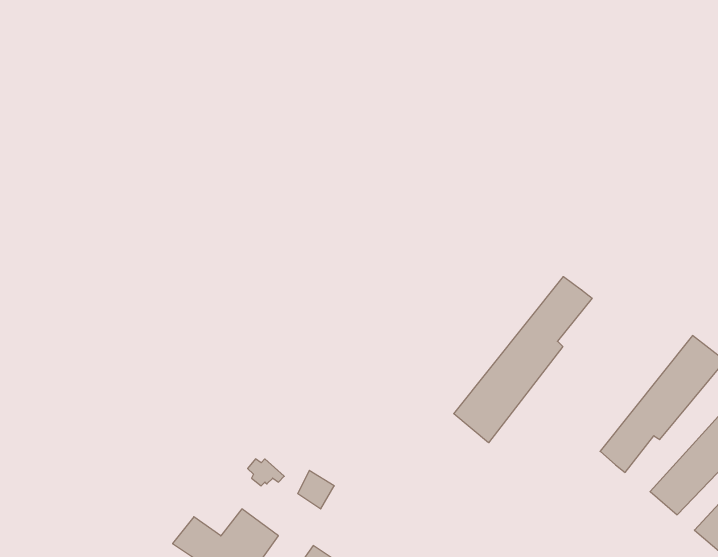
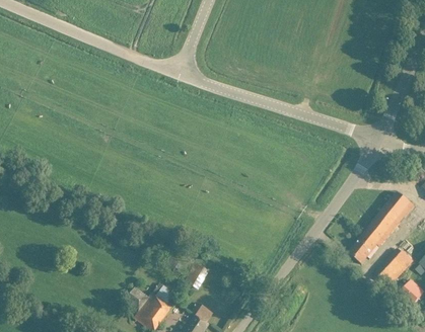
building: [454,277,592,443] -> none

